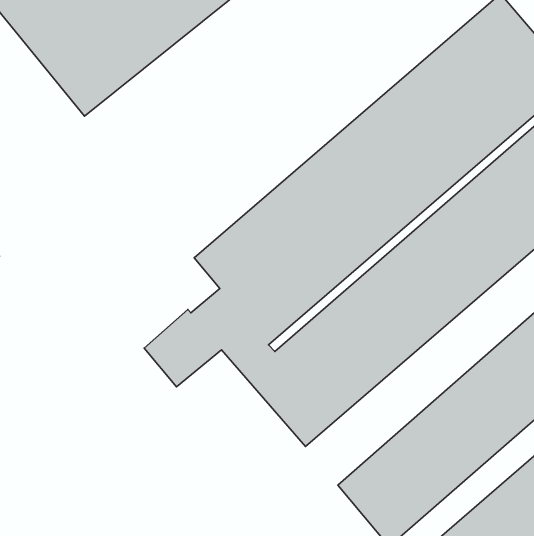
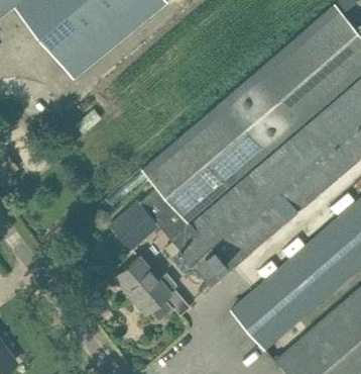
building: none -> [115,259,176,321]

